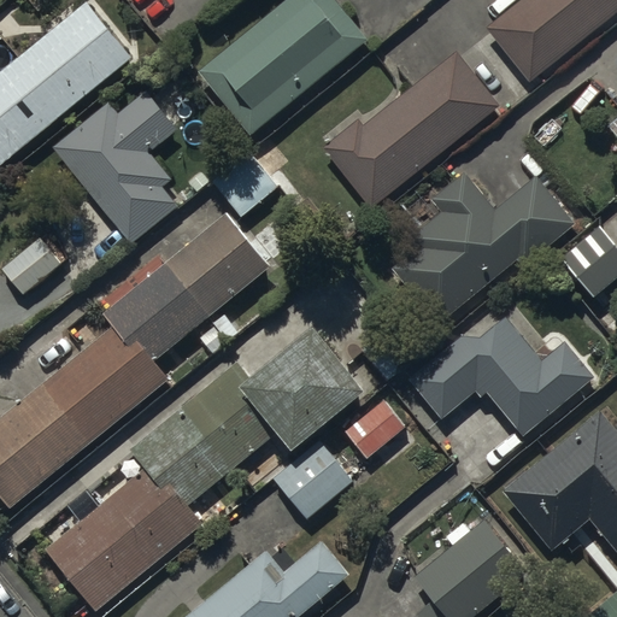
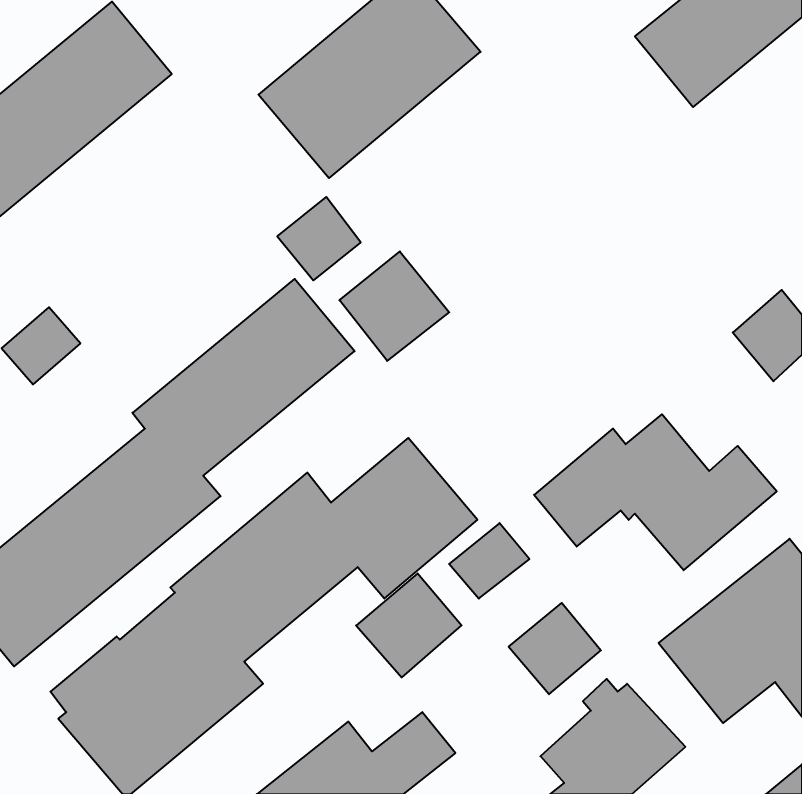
building: [322,51,499,208] -> none
building: [55,92,177,241] -> none
building: [392,171,575,323] -> none
building: none -> [339,251,449,361]
building: none -> [509,603,601,694]

